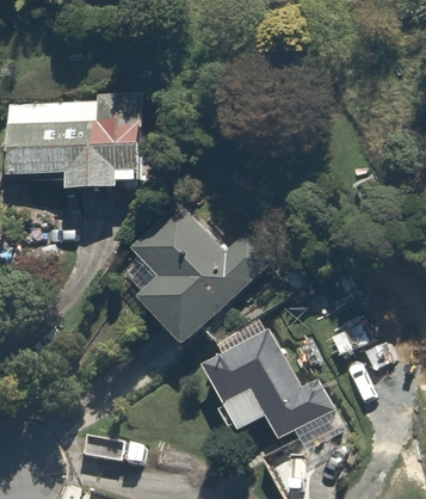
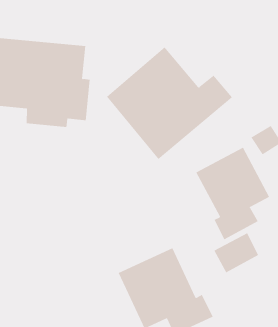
building: none -> [196,147,270,240]
building: [116,205,271,345] -> [106,46,233,160]

